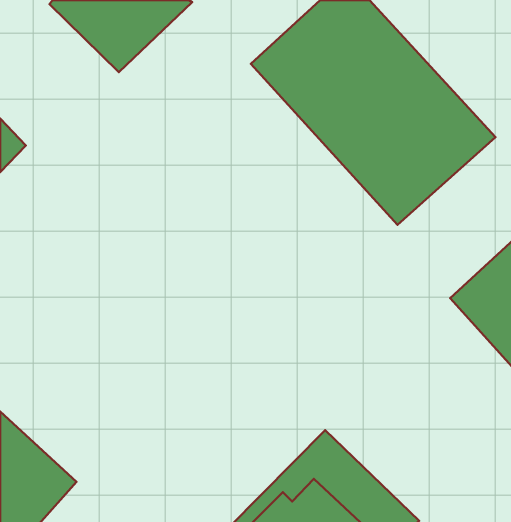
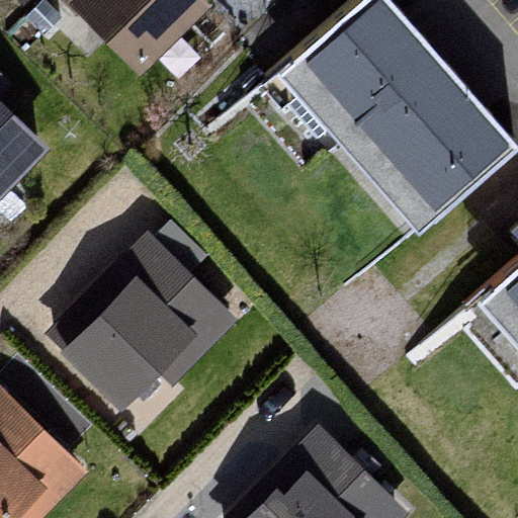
building: none -> [59,231,253,418]

